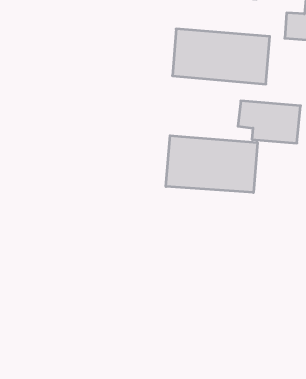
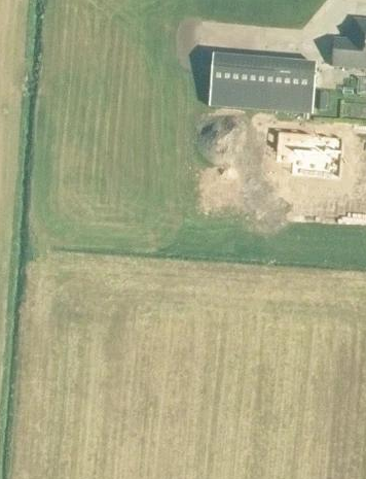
building: [166,136,257,193] -> none

